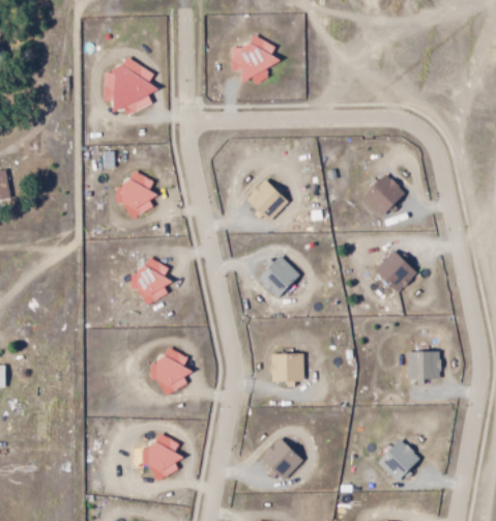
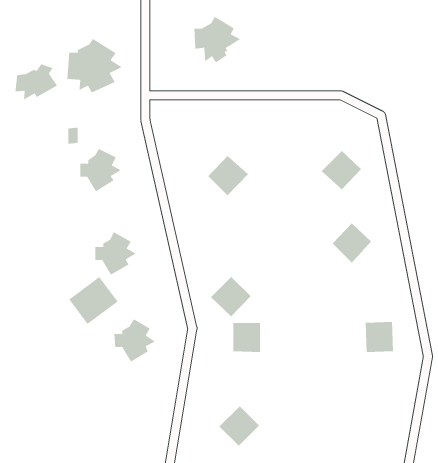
building: none -> [15,63,58,100]
building: [259,255,301,297] -> [210,276,251,317]
building: none -> [68,276,118,325]
building: [142,433,185,479] -> none
building: [377,440,419,483] -> none

